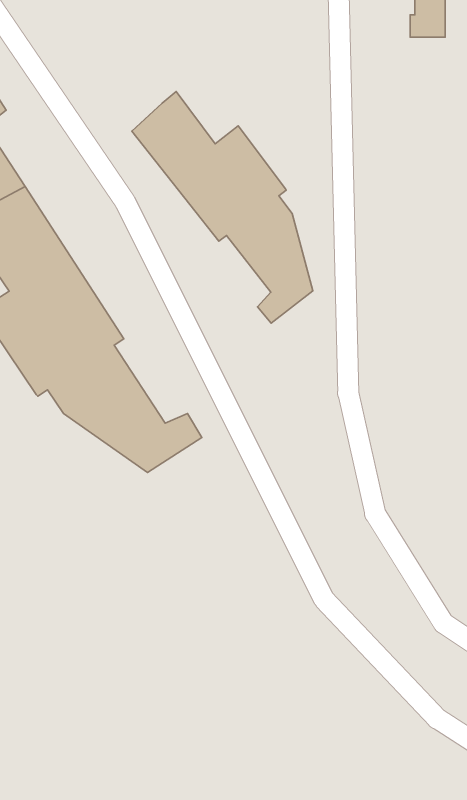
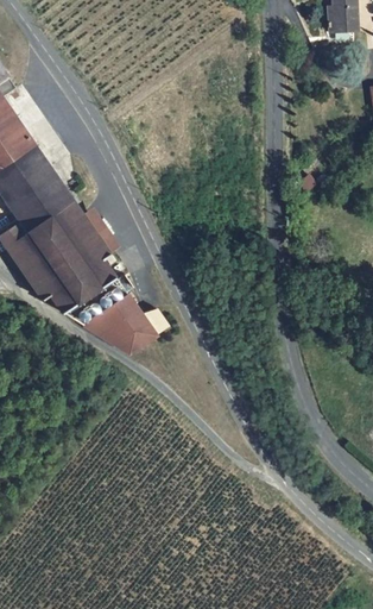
building: [132,92,313,323] -> none

